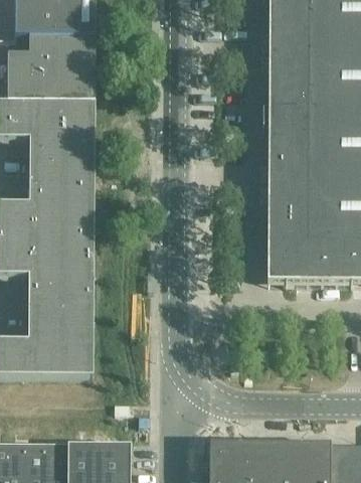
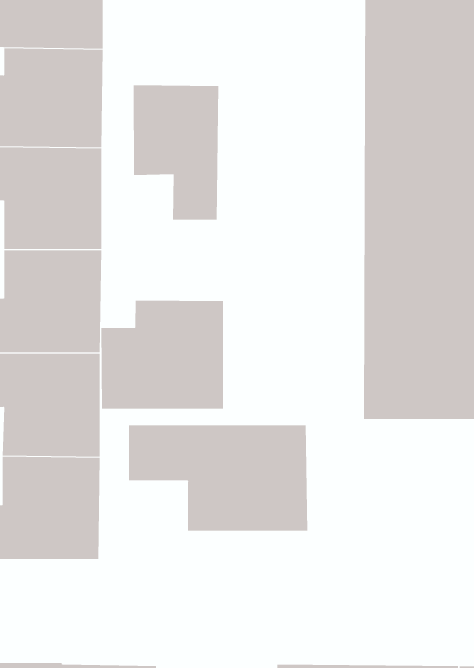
building: none -> [133,84,219,221]
building: none -> [101,300,223,410]
building: none -> [128,425,308,532]

